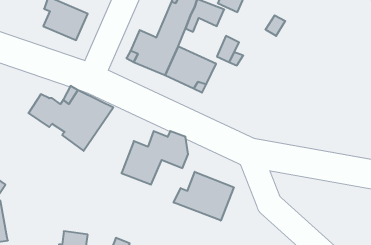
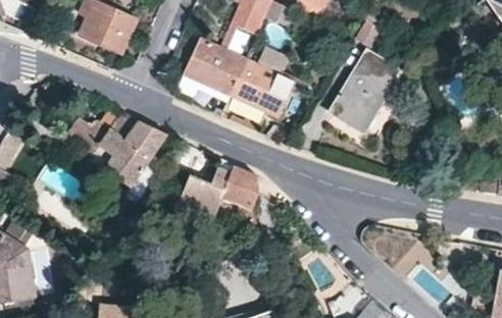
building: none -> [328,45,400,130]
building: [174,172,234,221] -> none

